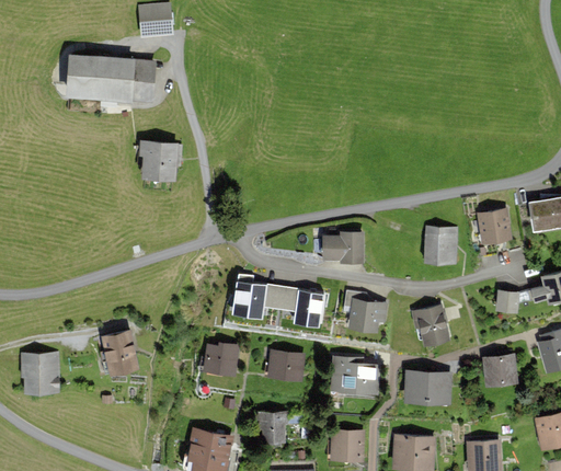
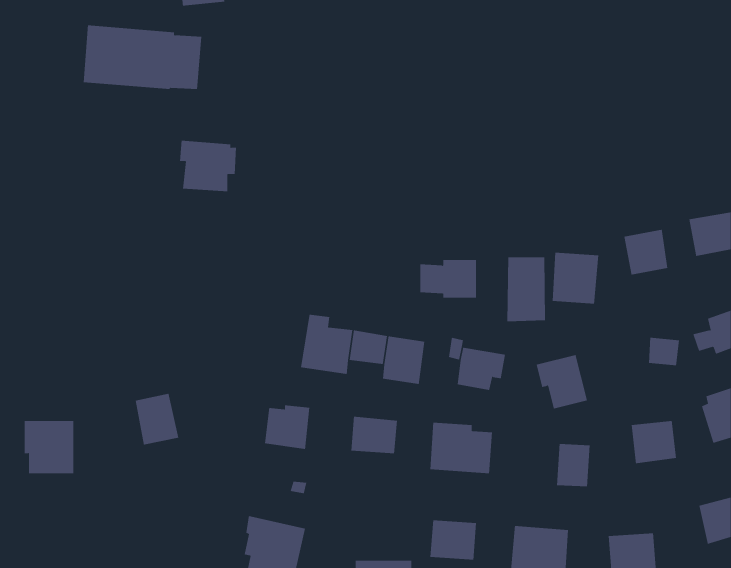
building: none -> [507,257,545,322]
building: [403,370,428,403] -> none
building: [253,411,289,441] -> none

